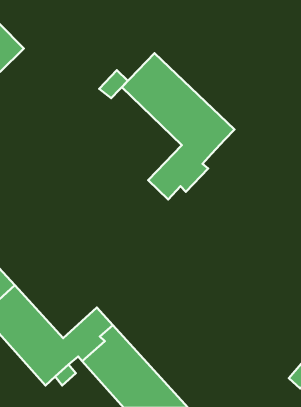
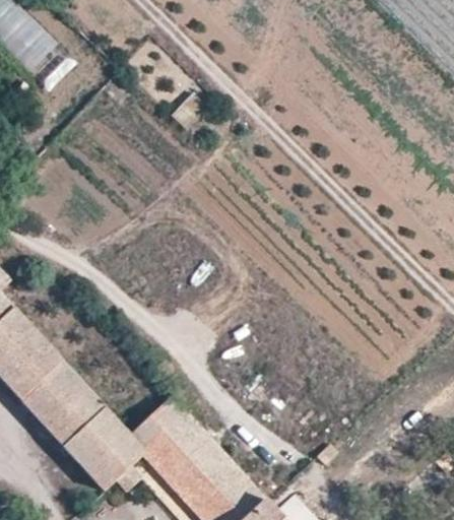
building: [122,53,234,200] -> none

